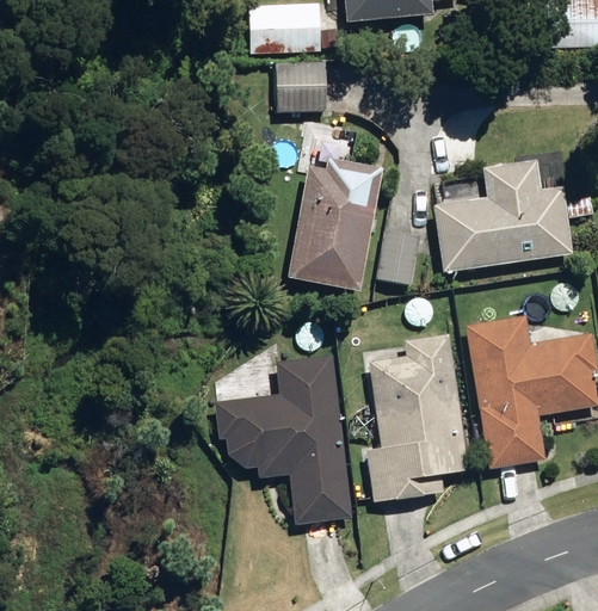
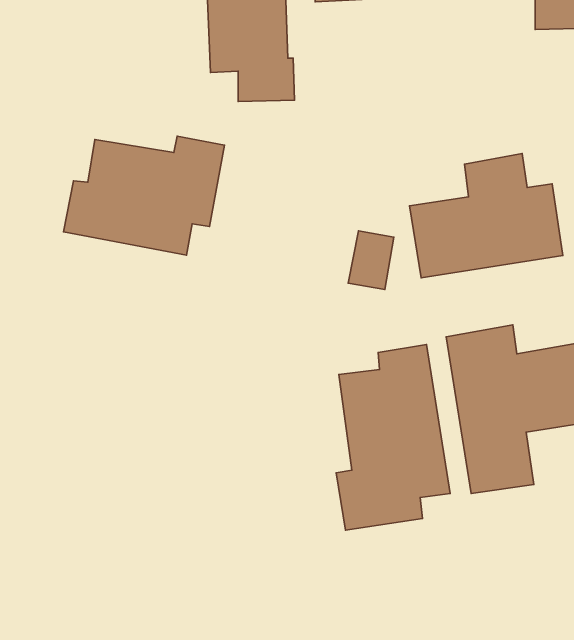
building: none -> [64,136,225,255]
building: [286,156,383,291] -> none
building: [214,354,351,523] -> none

